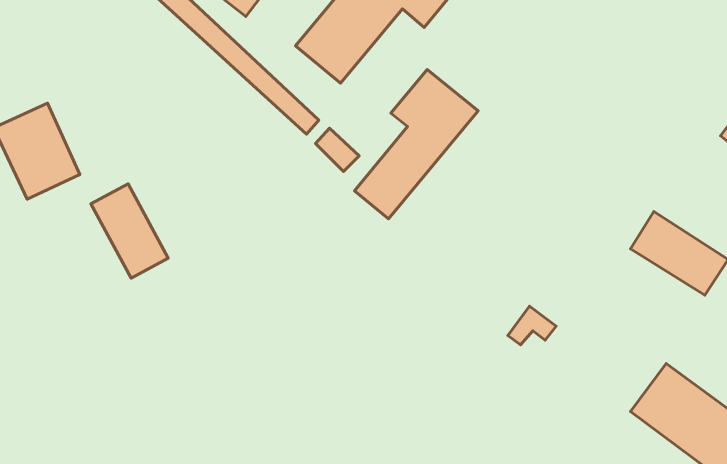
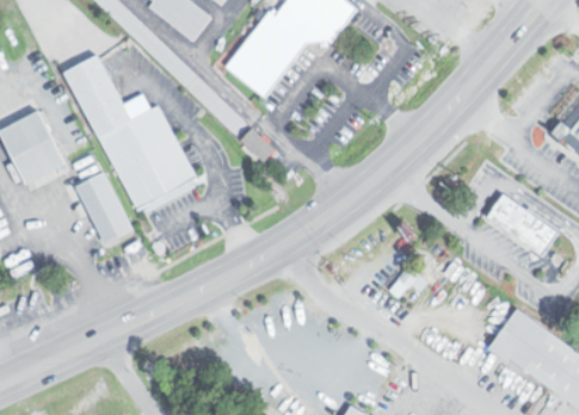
building: none -> [62,56,199,210]
building: [355,69,478,219] -> none

